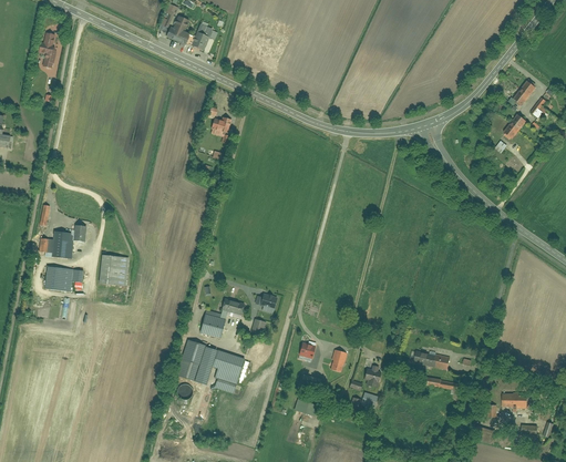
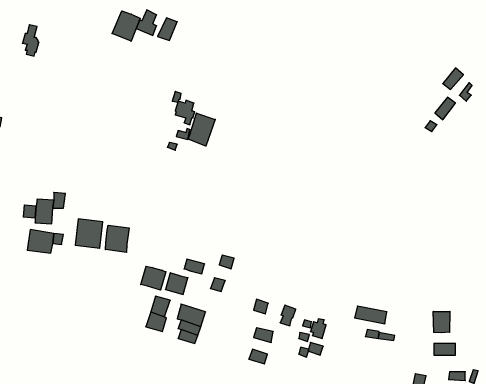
building: none -> [112,11,140,41]
building: none -> [188,113,215,146]
building: none -> [105,225,129,252]
building: none -> [141,266,166,290]
building: none -> [433,311,450,333]

